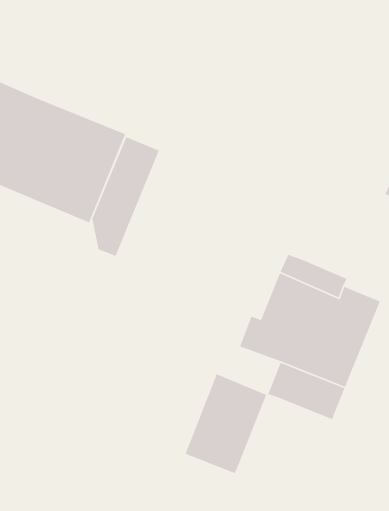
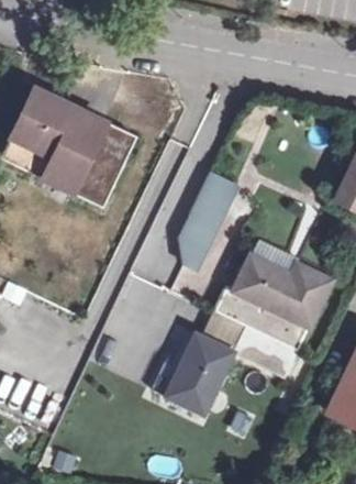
building: [92,136,160,257] -> [178,173,236,268]

